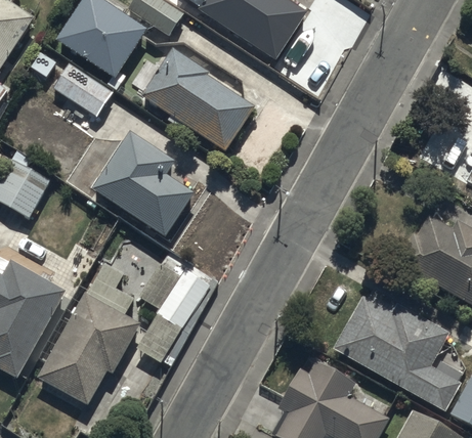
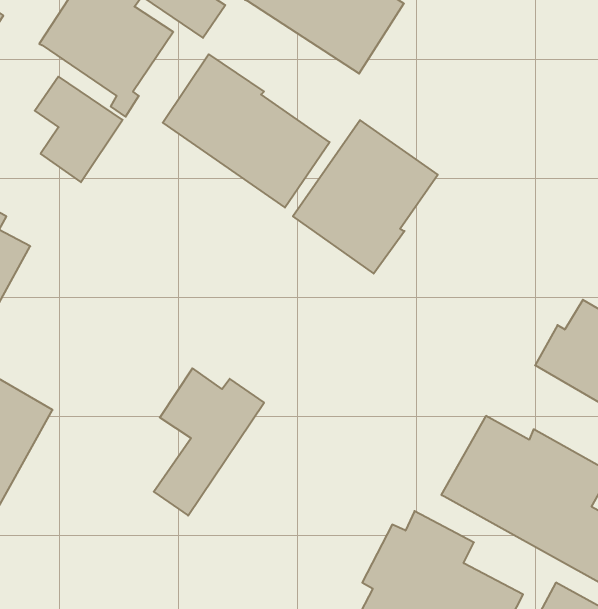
building: none -> [293,120,438,274]
building: [92,130,196,237] -> none
building: [36,262,141,406] -> none

